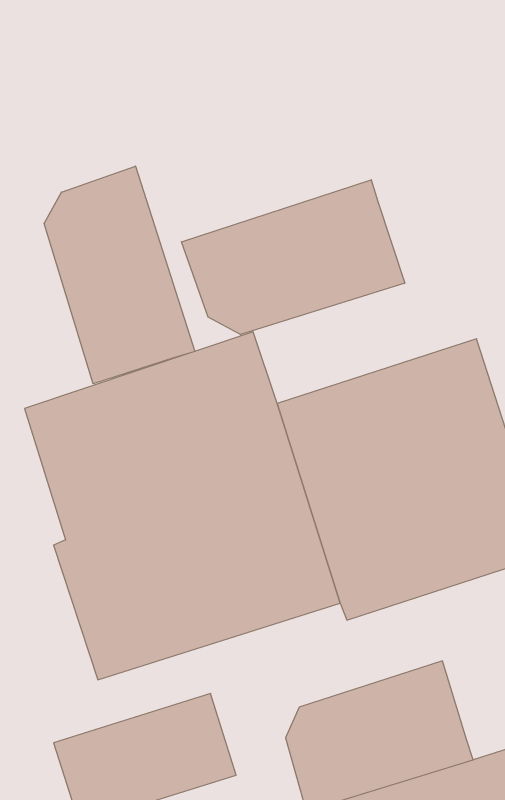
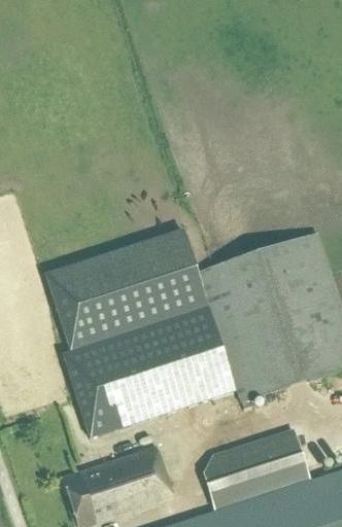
building: [44,166,195,384] -> none
building: [181,180,405,335] -> none

